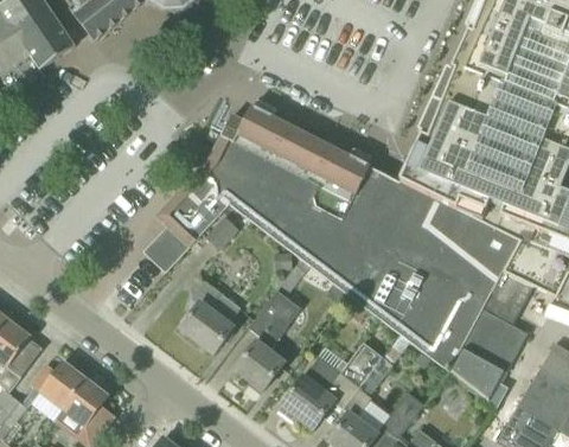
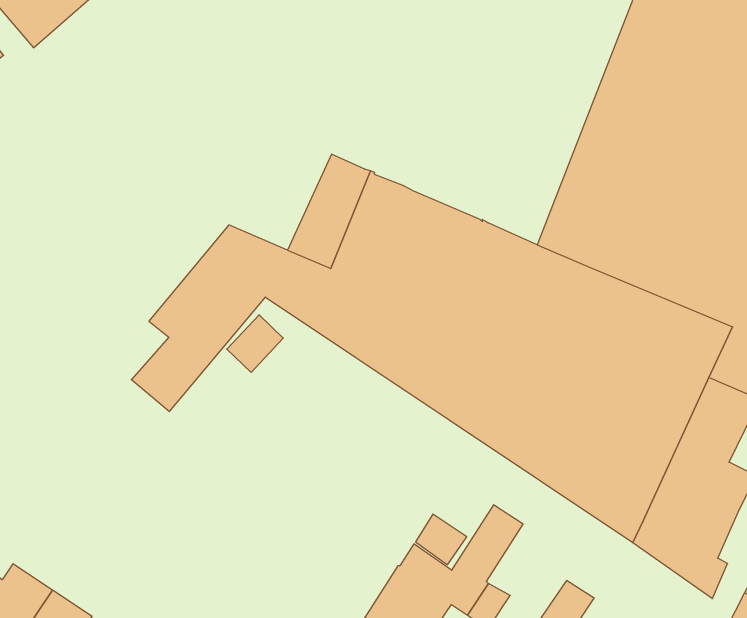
building: [210,106,276,175] -> none
building: [181,280,241,352] -> none
building: [236,289,302,390] -> none

